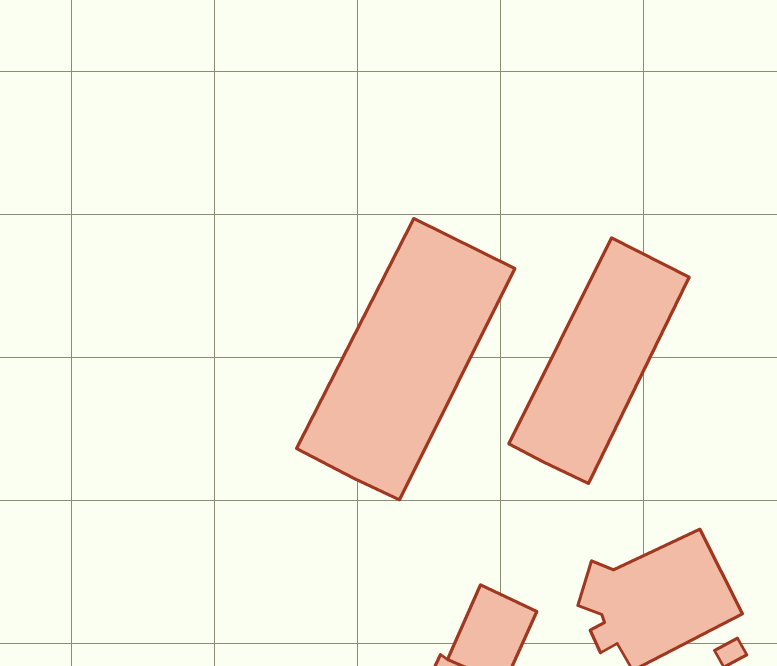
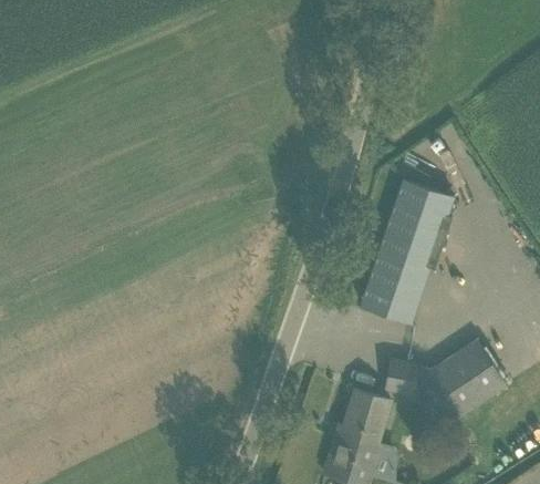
building: [297,219,515,500] -> none
building: none -> [386,361,417,393]

